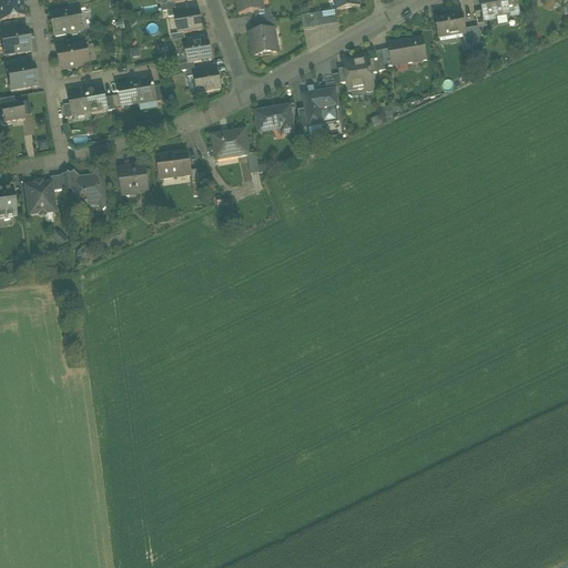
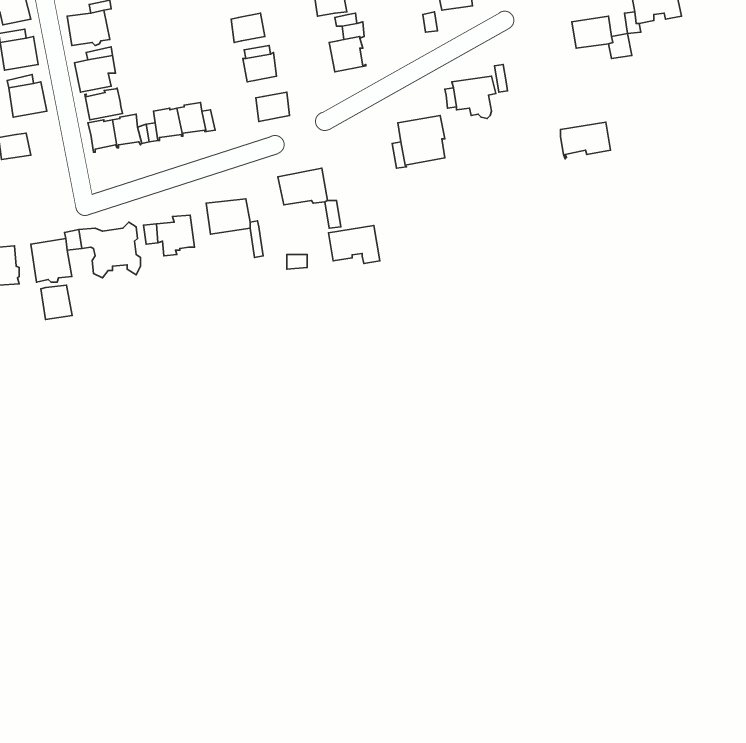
building: [387,37,425,64] -> [561,122,610,159]
building: none -> [85,88,122,120]
building: [255,104,294,133] -> [329,226,380,264]
building: none -> [41,285,72,320]

